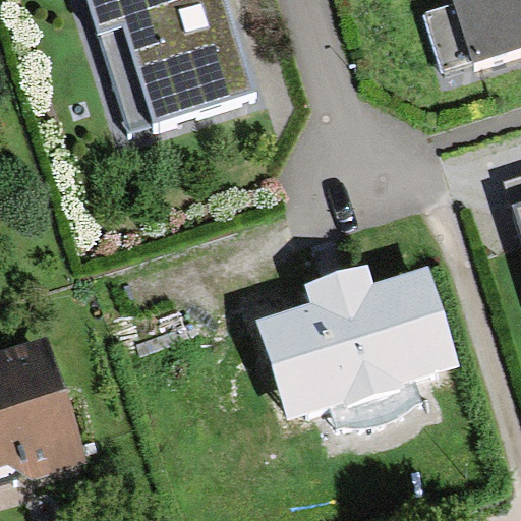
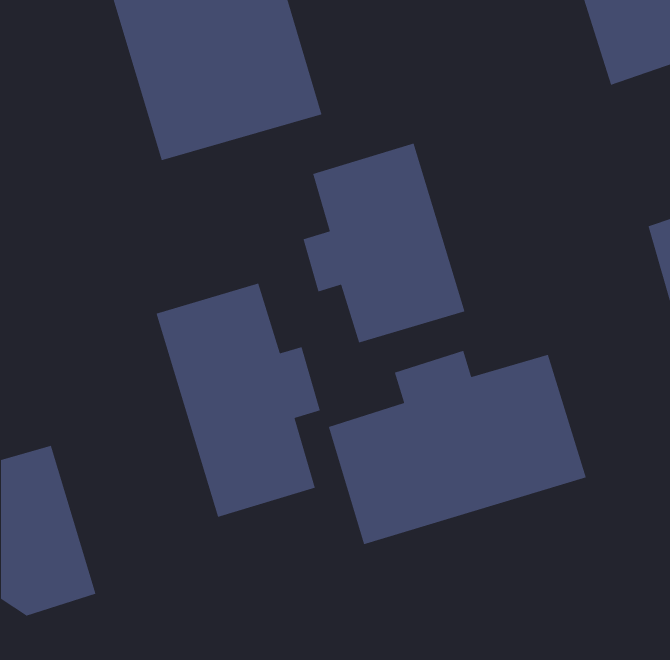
building: none -> [303,142,465,343]
building: none -> [155,283,321,518]

